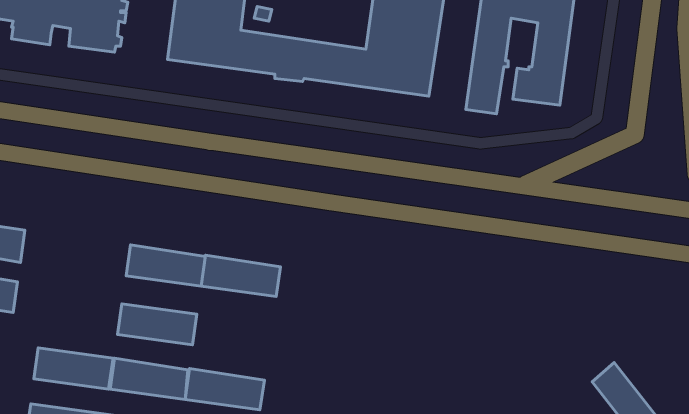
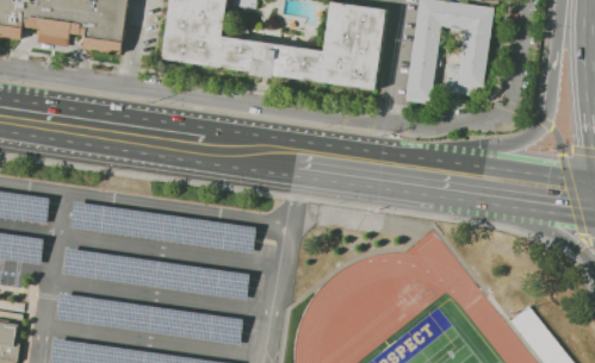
building: none -> [69,201,134,234]
building: none -> [62,249,126,281]
building: none -> [185,265,248,299]

